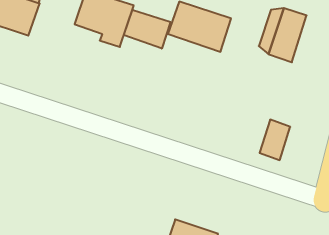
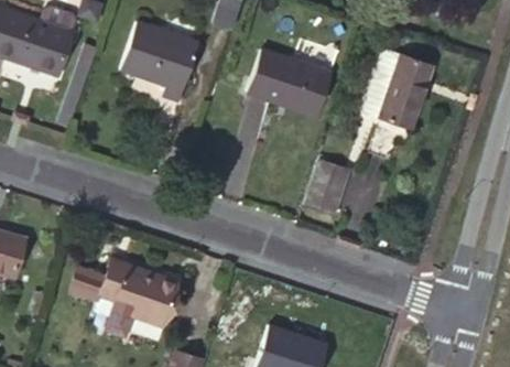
building: [124,10,170,49] -> none
building: [260,120,290,160] -> [313,153,355,208]
building: none -> [66,269,171,331]

